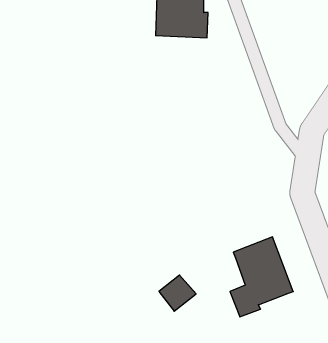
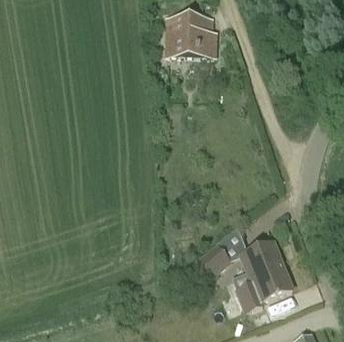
building: [159,275,196,311] -> [196,243,230,276]

